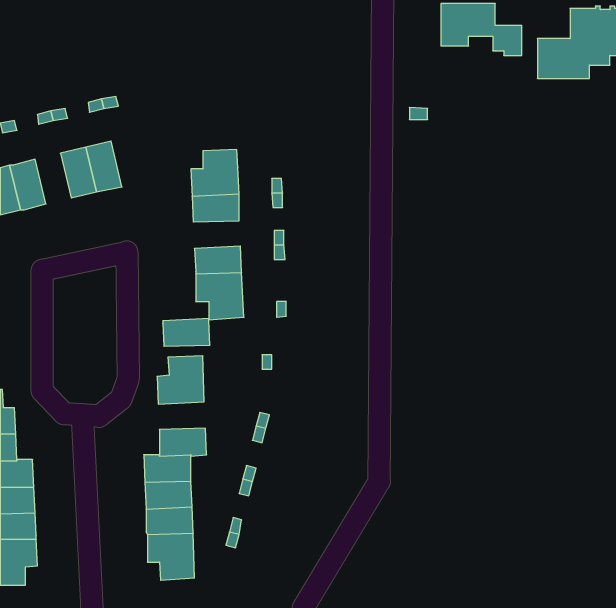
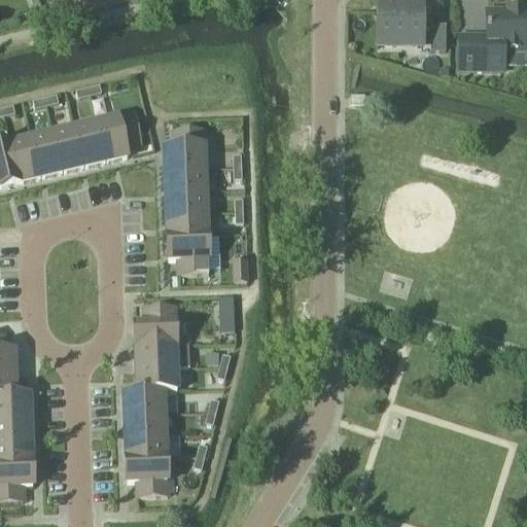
building: none -> [96,111,141,160]
building: none -> [31,131,62,174]
building: none -> [166,188,206,212]
building: [163,319,210,346] -> [136,343,176,366]

